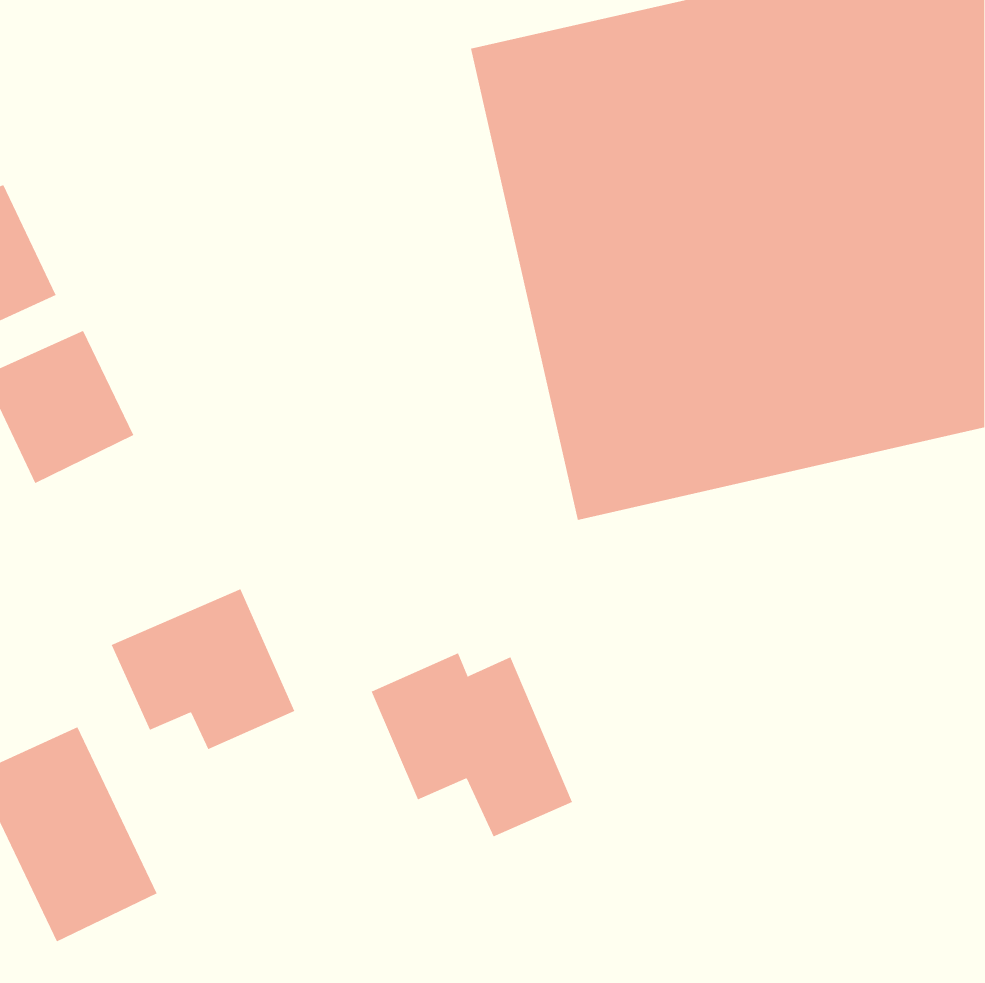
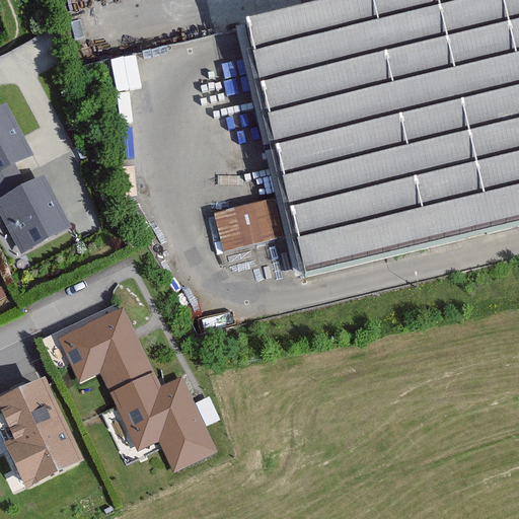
building: none -> [211,192,283,246]
building: [371,653,573,837] -> [108,371,214,467]

